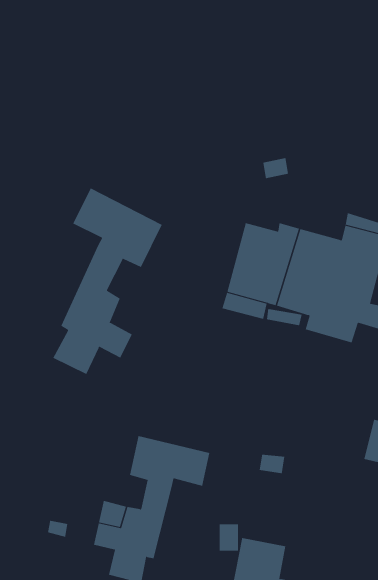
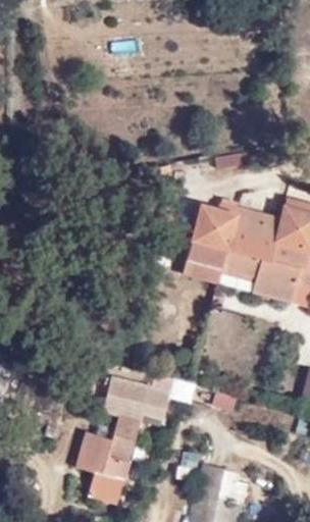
building: [53,187,163,375] -> none

